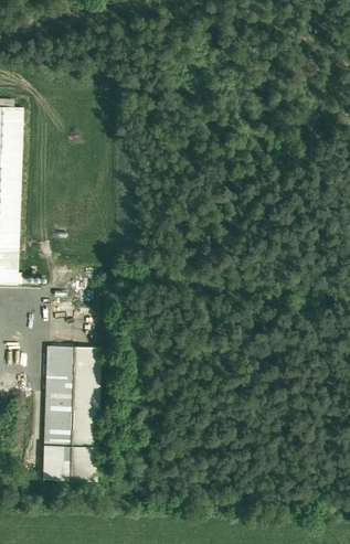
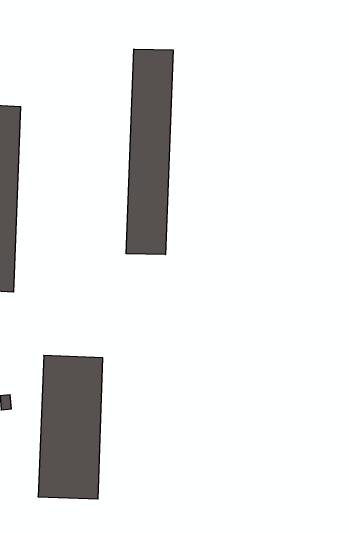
building: none -> [126,49,173,255]

